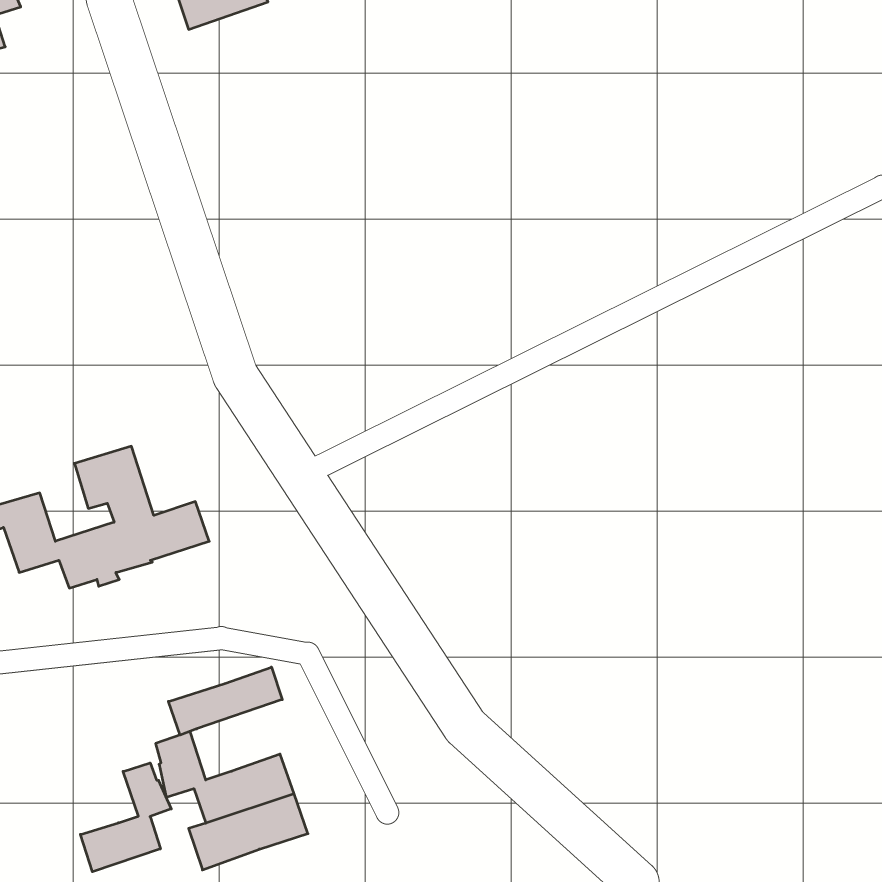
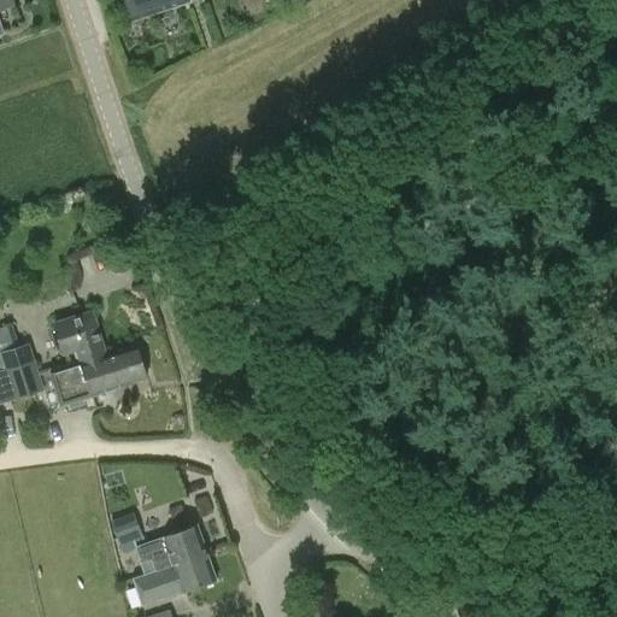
building: [168,667,282,735] -> none
building: [80,763,171,872] -> none

